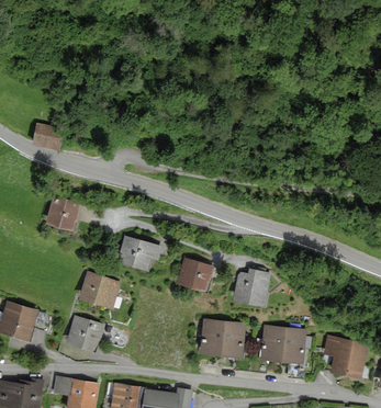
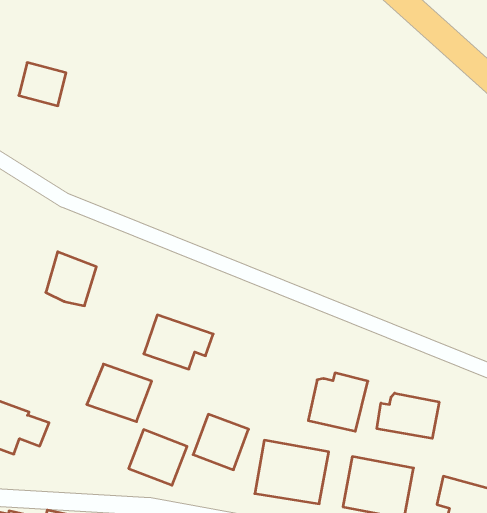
building: [32,123,64,151] -> [19,63,66,106]
building: [177,258,214,295] -> [193,414,249,470]
building: none -> [377,393,439,438]
building: [66,314,105,351] -> [129,430,187,485]

